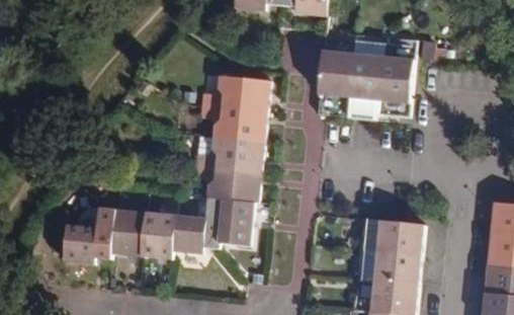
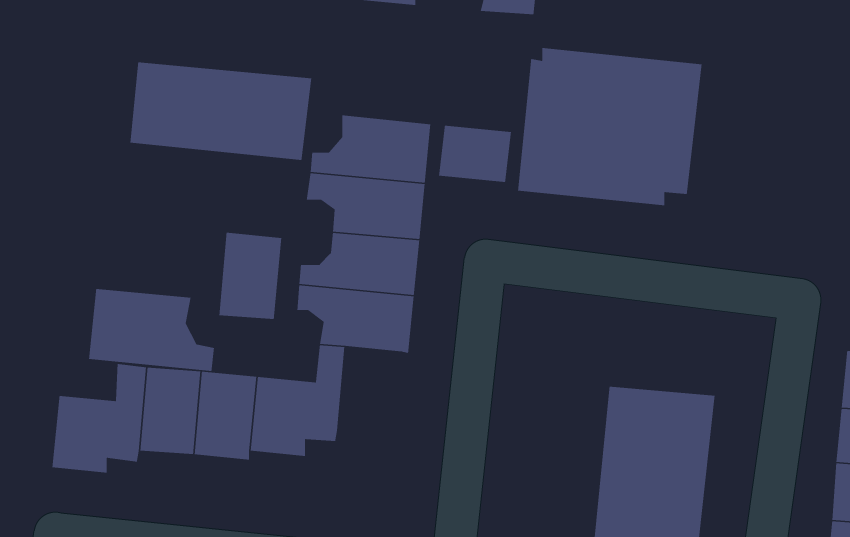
building: none -> [130,61,312,161]
building: none -> [438,125,512,183]
building: none -> [88,288,215,372]
building: [220,196,254,244] -> [218,232,282,320]

